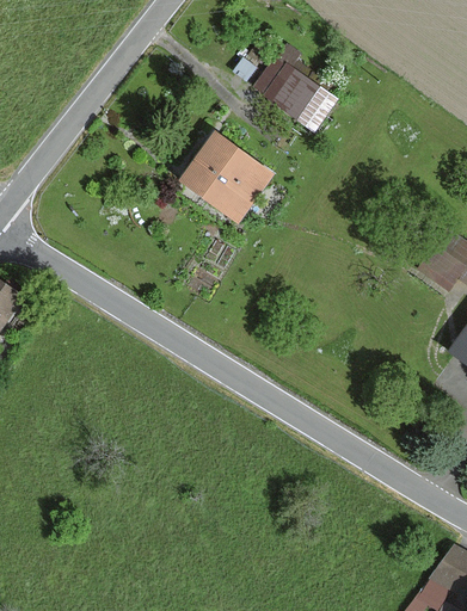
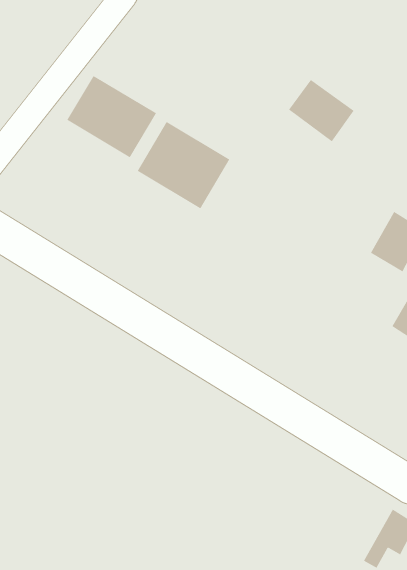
building: [256,60,326,126] -> [288,79,355,142]
building: none -> [66,75,157,158]

